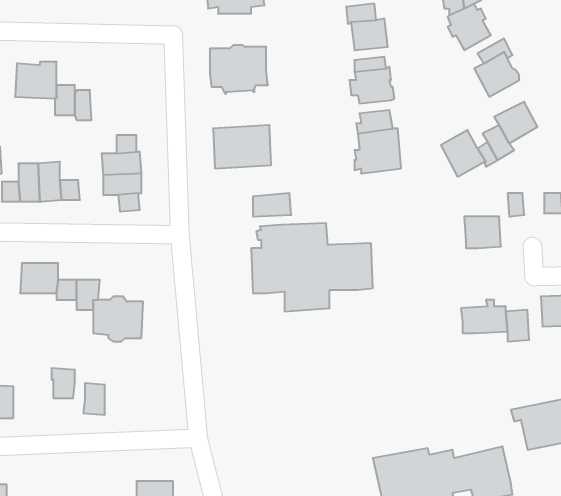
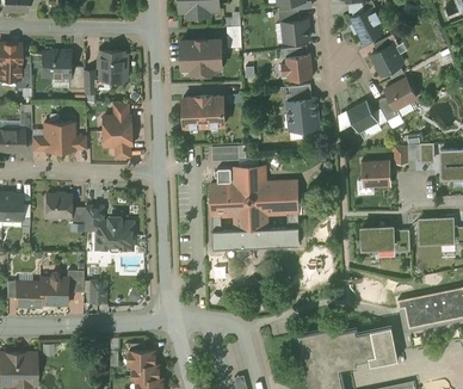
building: none -> [99,53,126,82]
building: none -> [211,214,300,249]
building: none -> [39,274,68,305]

